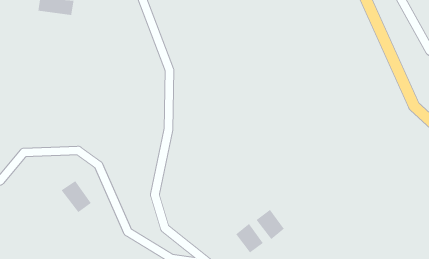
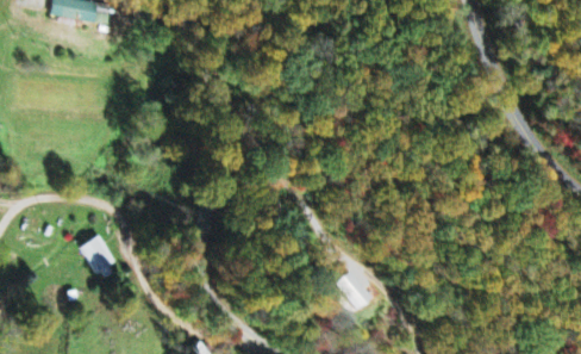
building: [235,223,264,254] -> none

